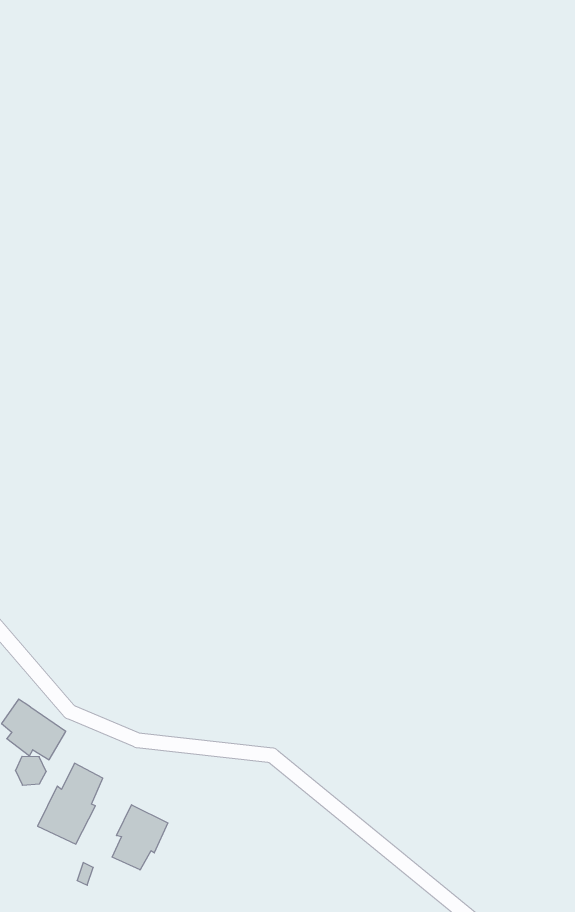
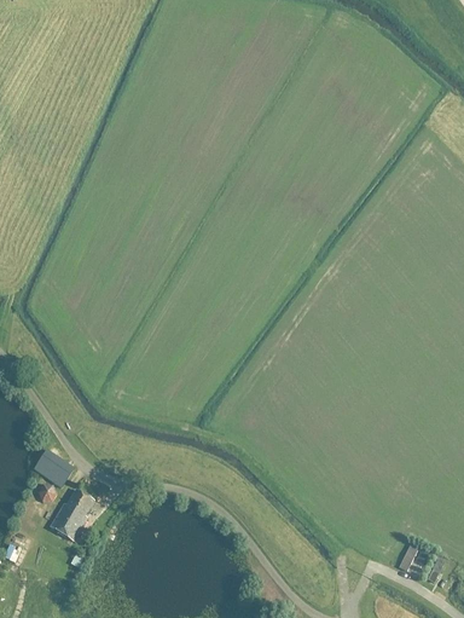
building: [112,805,168,870] -> none

